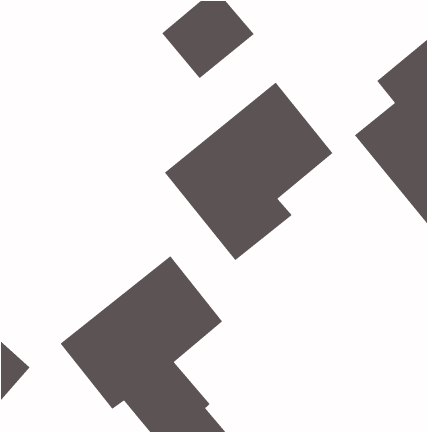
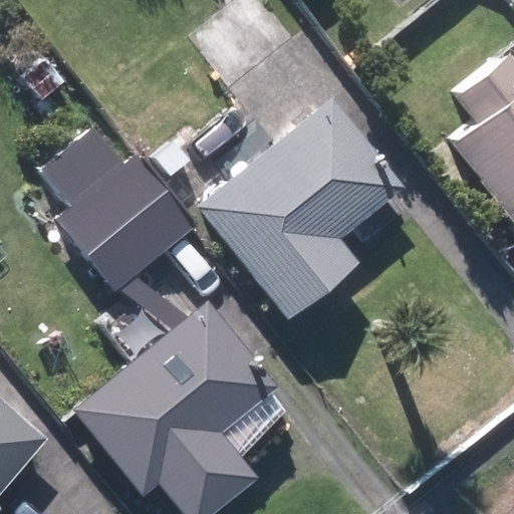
building: none -> [29,126,191,309]

